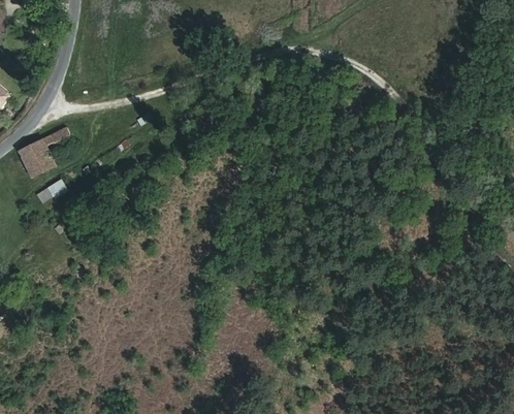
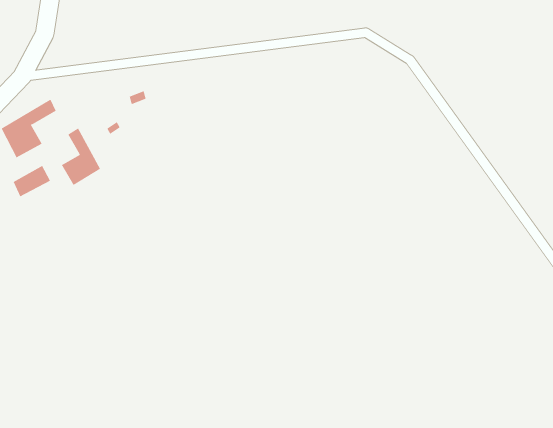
building: none -> [61,127,101,186]

